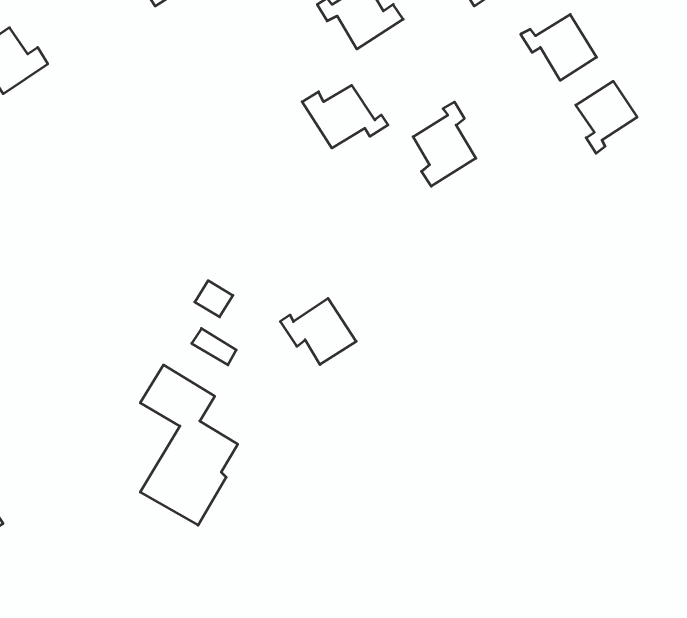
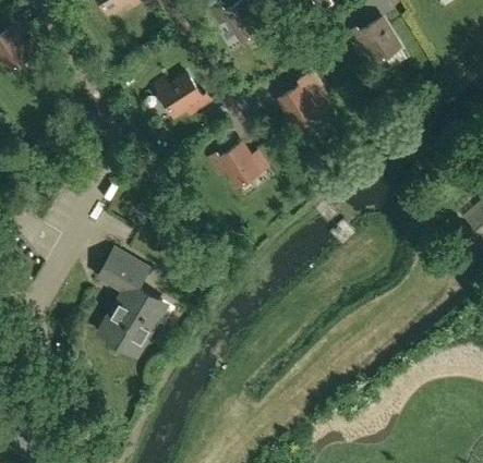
building: [576,81,637,153] -> none
building: [302,85,388,148] -> [154,74,210,115]
building: [280,298,356,365] -> [209,143,259,186]

